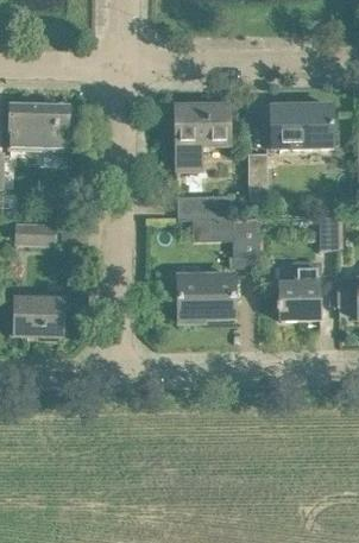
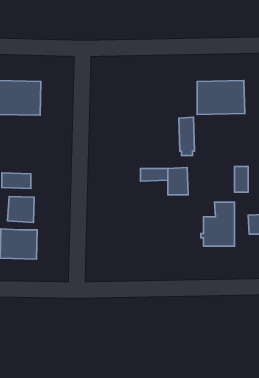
building: [176,106,228,169] -> none
building: [177,195,233,220] -> none
building: none -> [8,196,34,223]
building: [178,276,234,321] -> none

